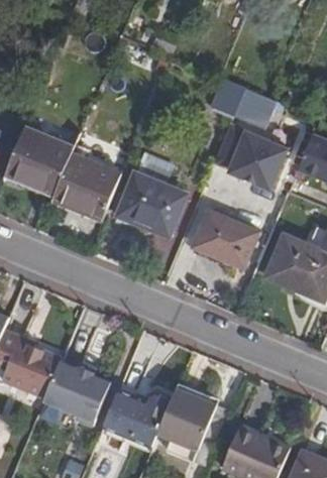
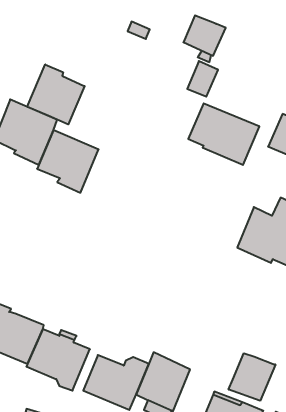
building: none -> [27,64,85,124]
building: [232,90,277,132] -> [183,15,226,56]
building: [116,172,183,235] -> none
building: [195,212,258,267] -> none
building: none -> [229,353,275,401]

